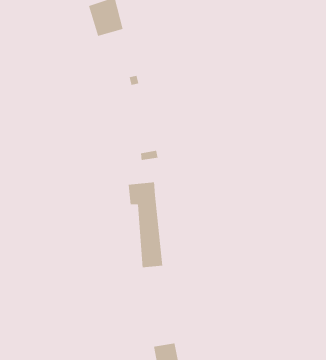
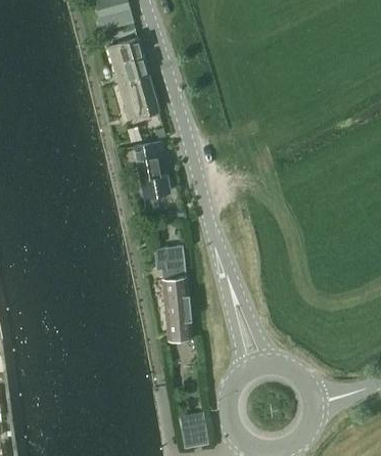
building: none -> [120,77,158,119]
building: none -> [135,141,171,197]

